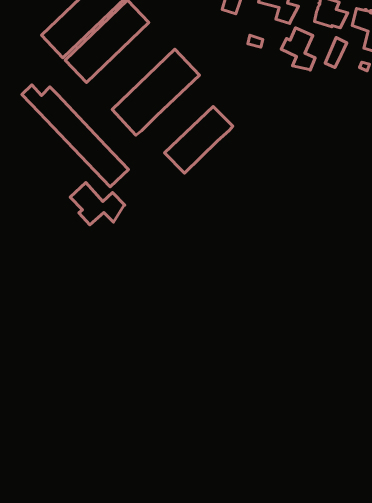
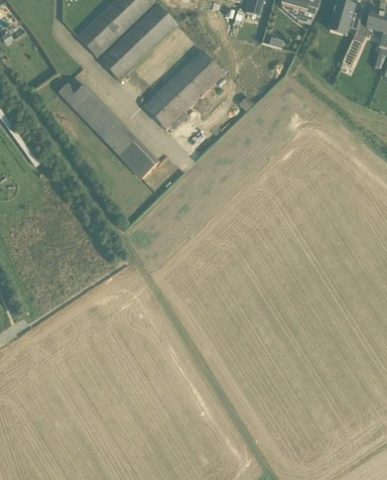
building: [281,28,315,70] -> none
building: [165,106,233,173] -> none
building: [70,183,125,225] -> none

